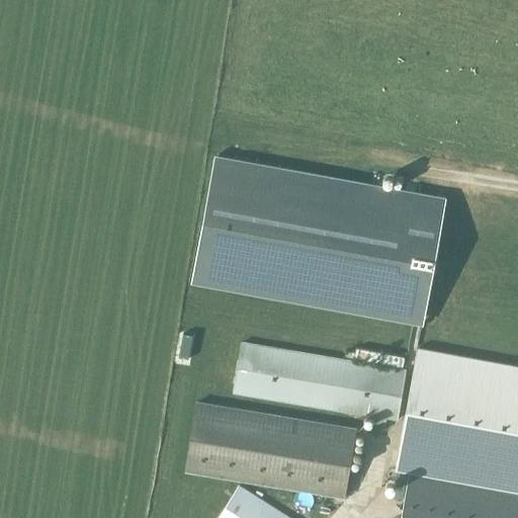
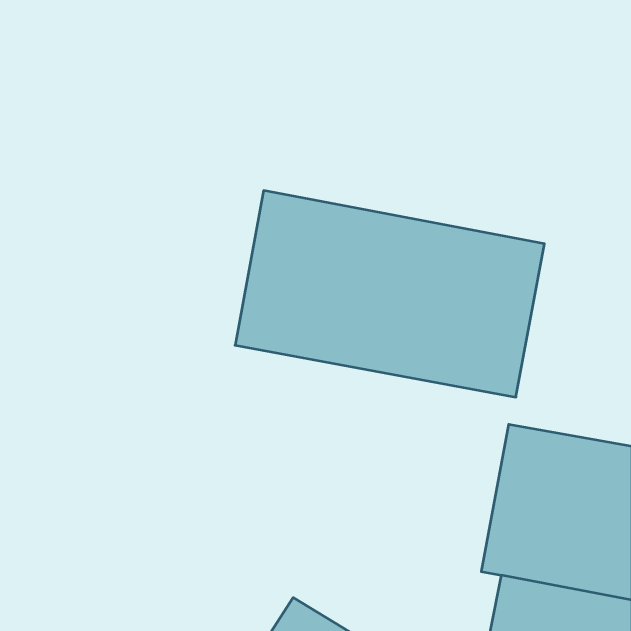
building: [240,347,408,426] -> none
building: [185,402,355,497] -> none

